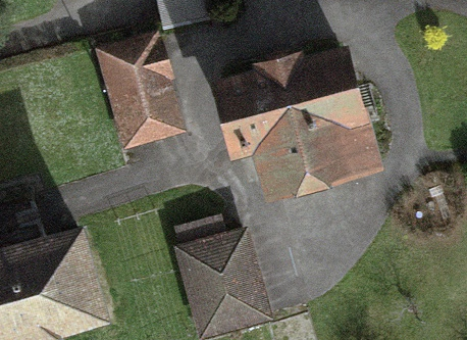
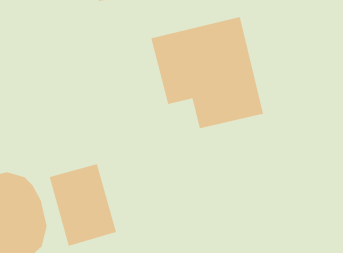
building: [101,41,180,142] -> none
building: [175,226,258,327] -> [49,163,117,247]

